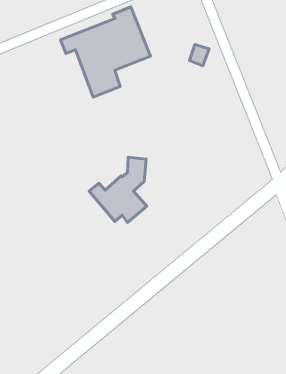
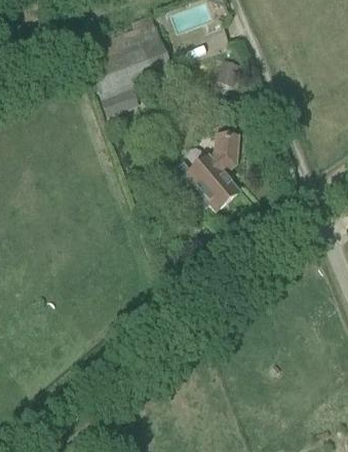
building: [89,157,147,222] -> [171,134,238,209]

